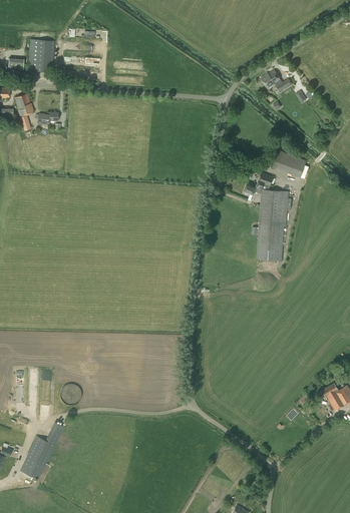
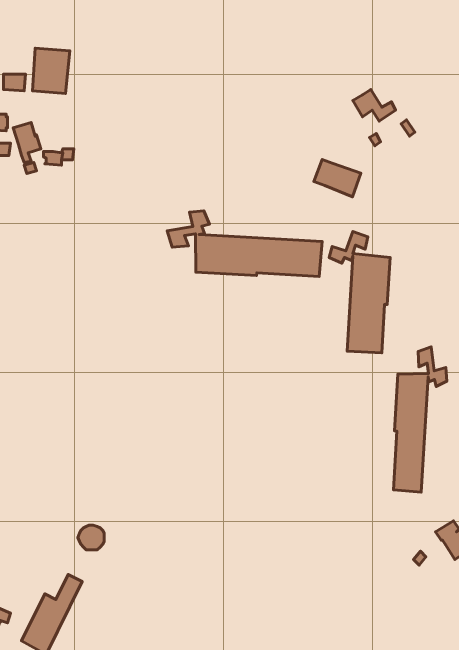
building: [273,150,307,177] -> [314,159,361,197]
building: none -> [167,211,322,277]
building: none -> [393,347,447,492]

